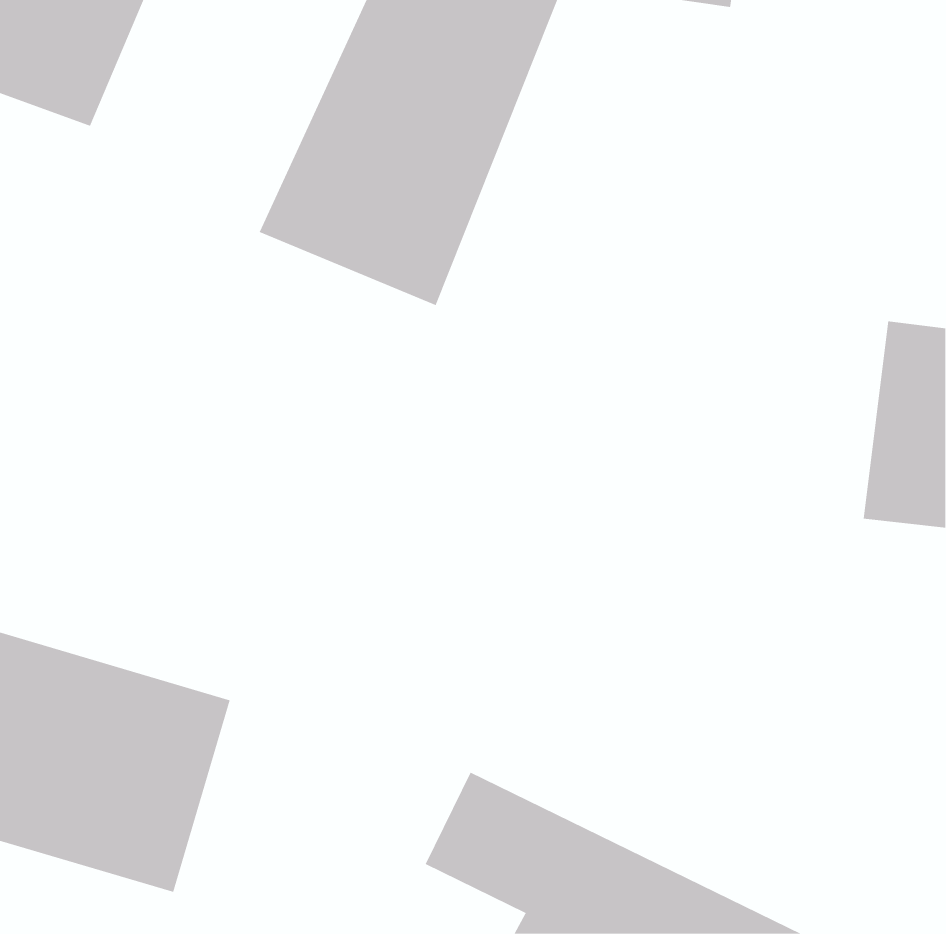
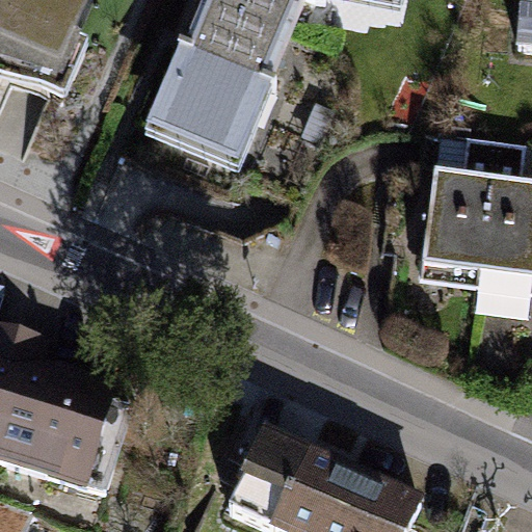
building: none -> [418,170,488,286]

